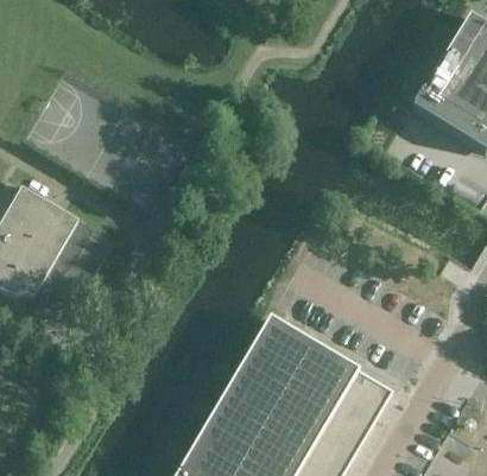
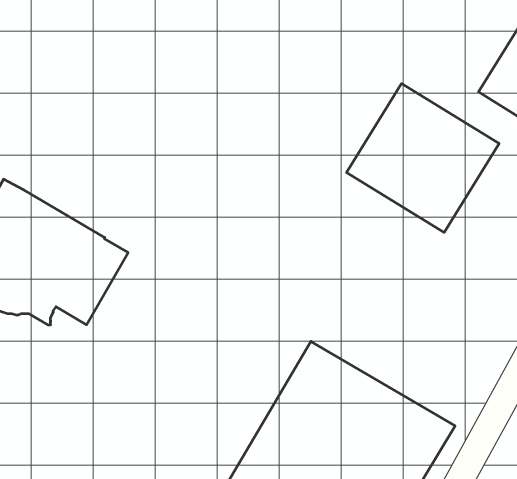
building: none -> [347,84,499,232]

